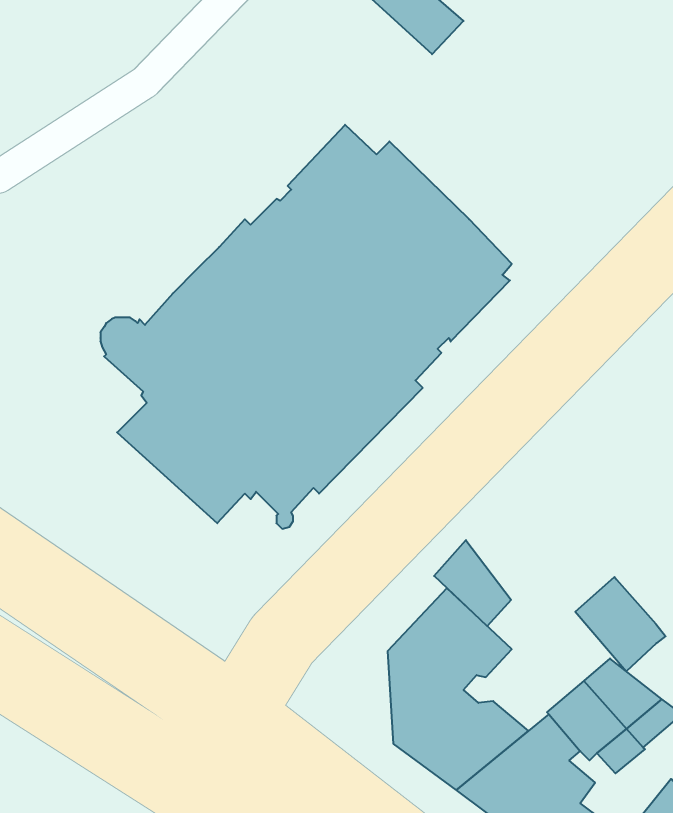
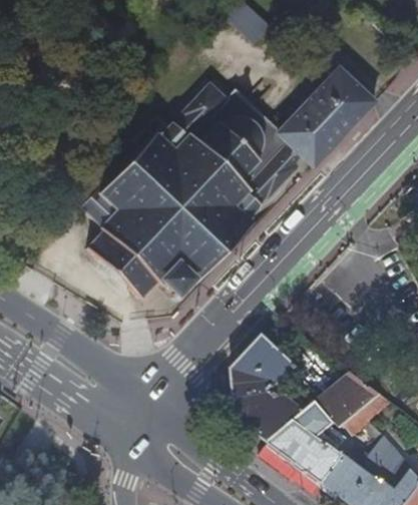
building: none -> [276,70,373,169]
building: [434,540,511,626] -> none
building: [575,577,666,671] -> none

